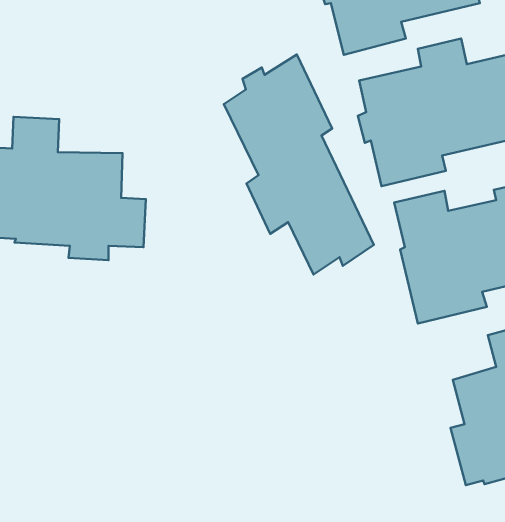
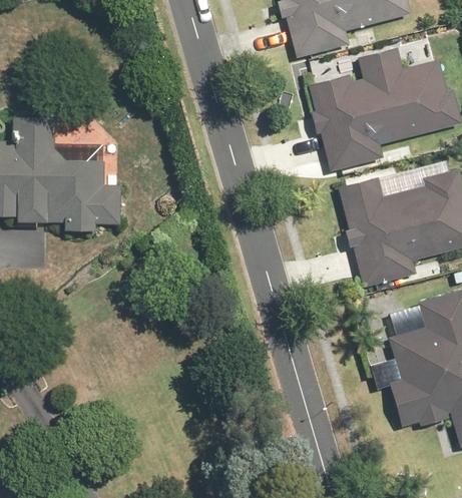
building: [224,54,374,275] -> none

